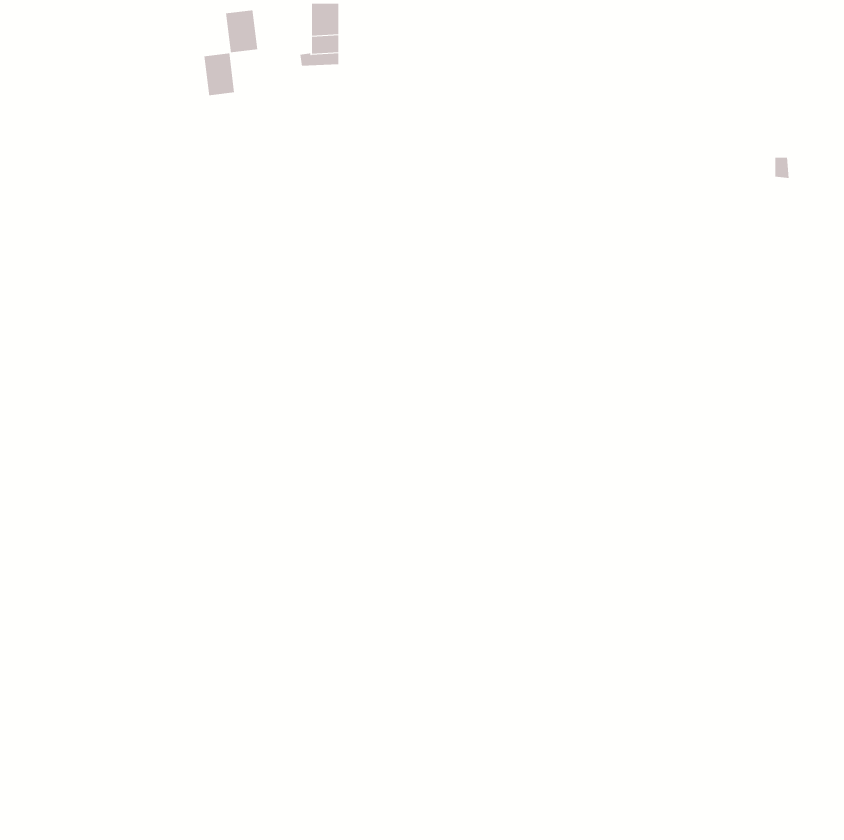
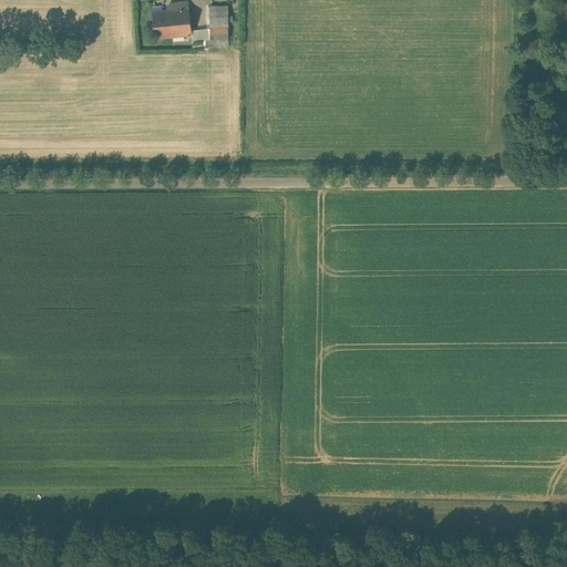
building: [204,53,235,96] -> [169,4,190,33]

